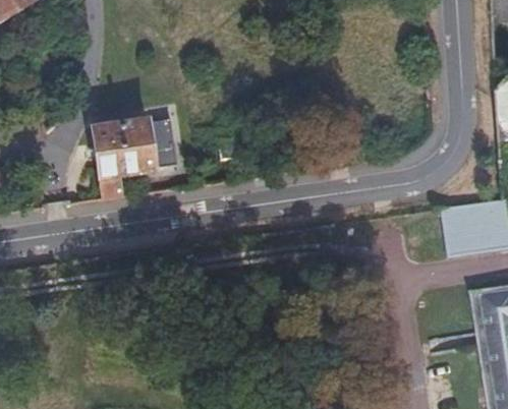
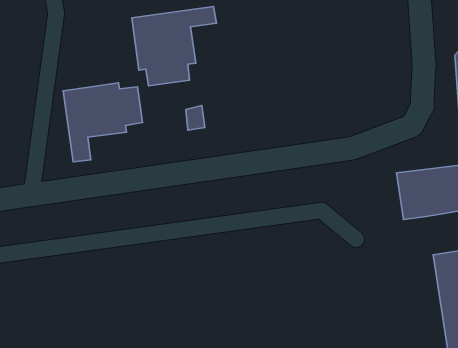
building: none -> [132,6,216,86]

